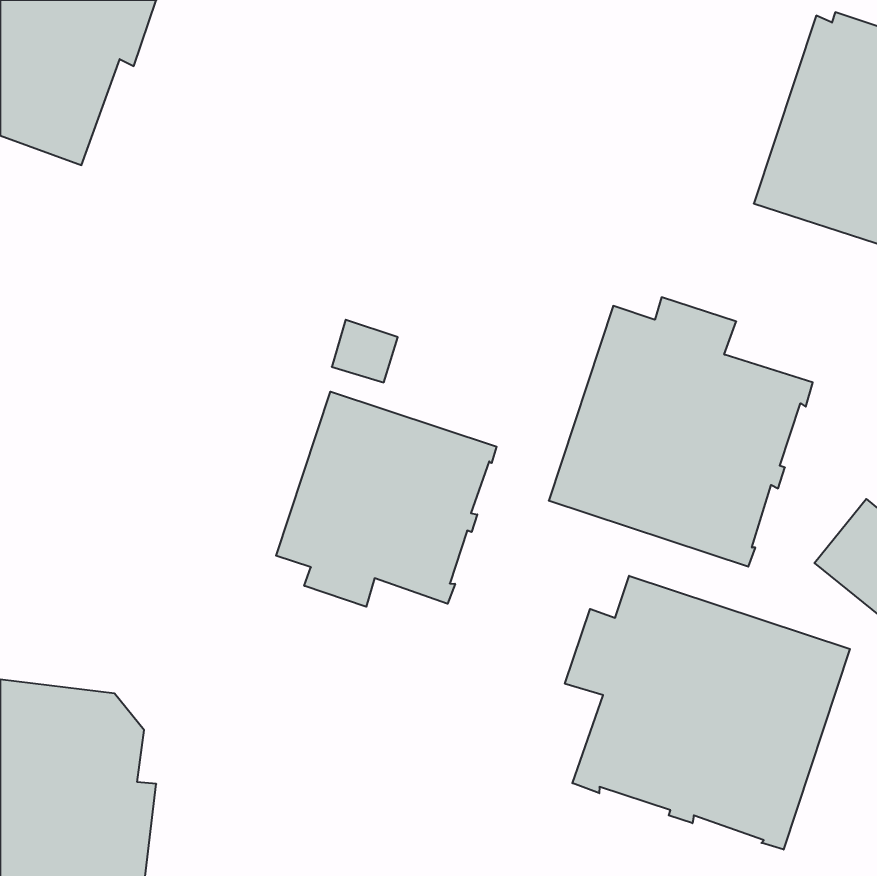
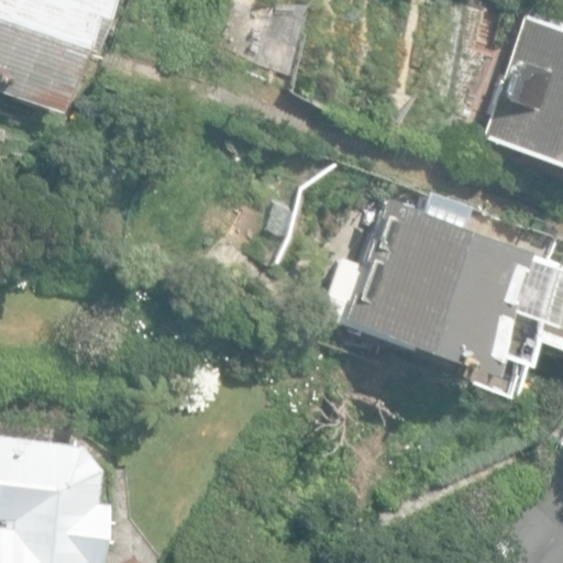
building: [276,392,497,607] -> none
building: [565,576,850,850] -> none

